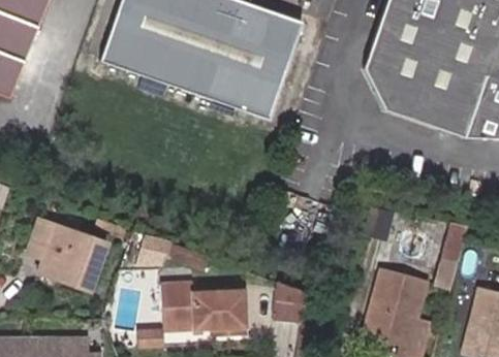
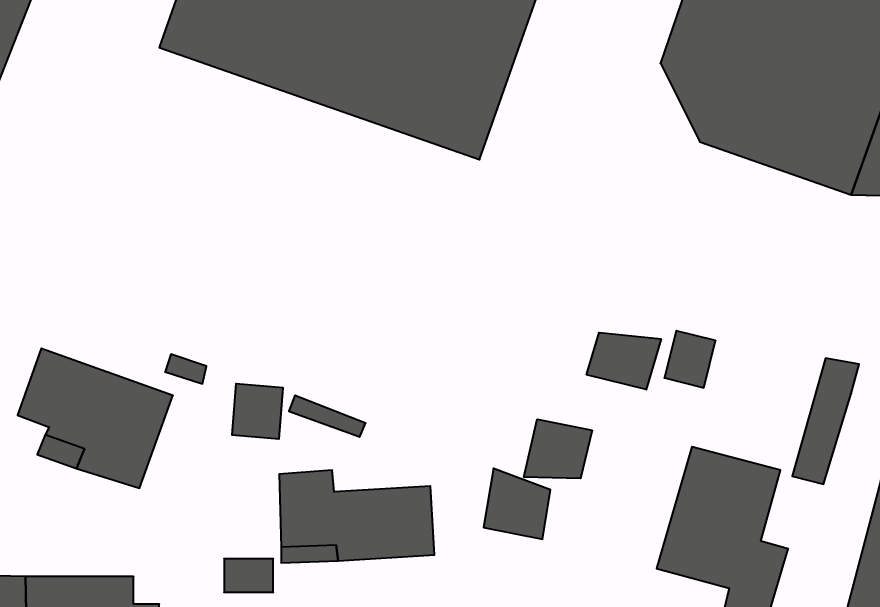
building: none -> [587,333,661,390]
building: none -> [524,419,592,478]

